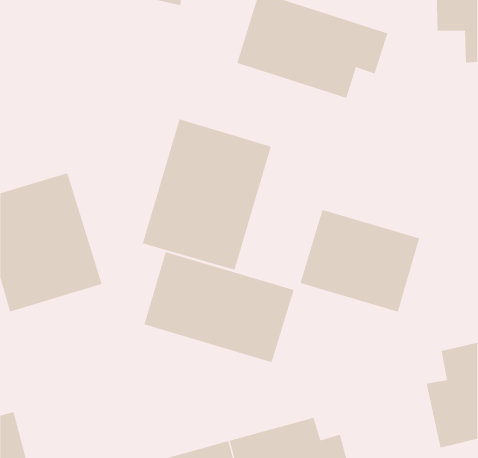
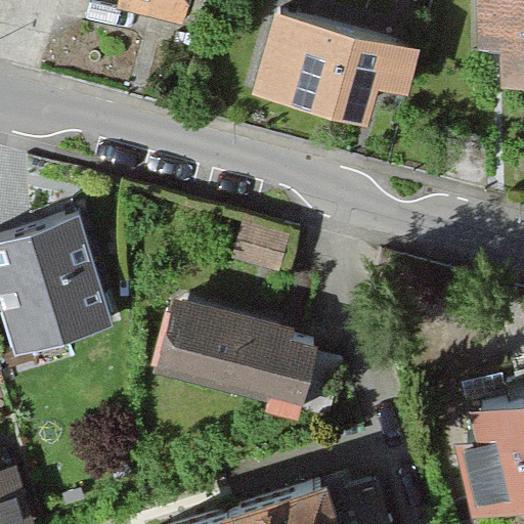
building: [142,119,271,271] -> none
building: [300,209,420,313] -> none

